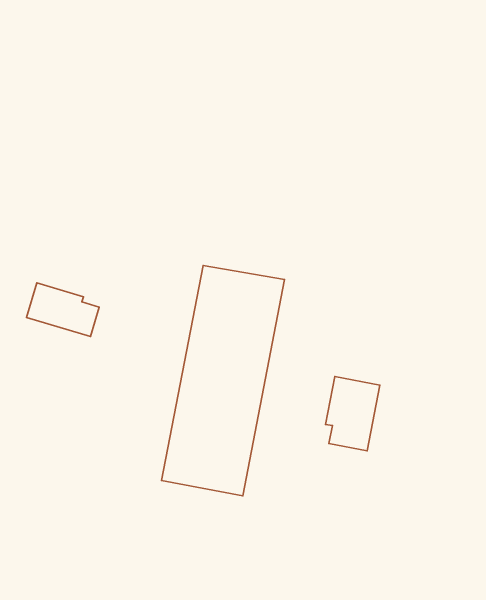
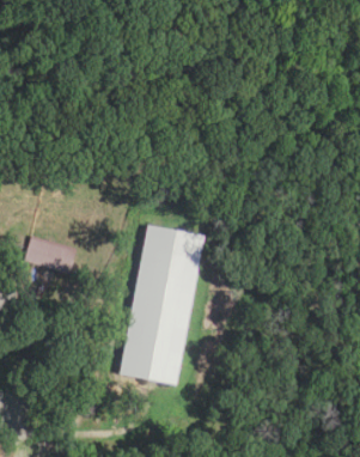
building: [325,377,380,451] -> none

